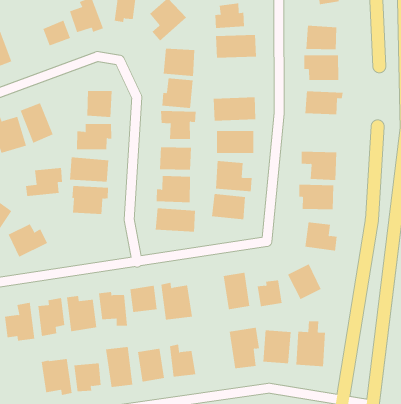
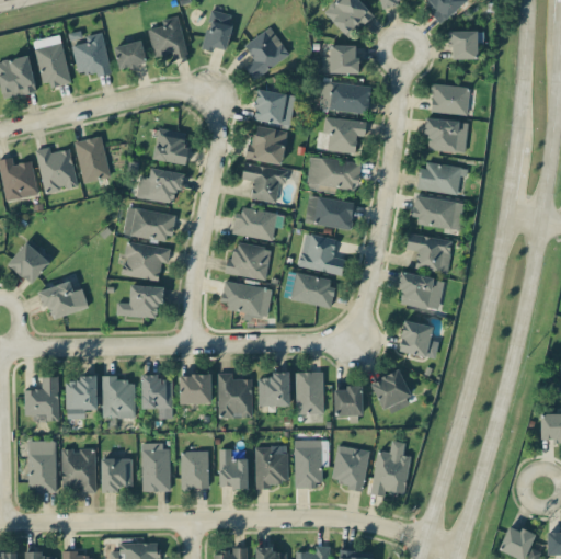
building: none -> [71,32,111,77]
building: none -> [322,117,366,152]
building: none -> [411,195,463,229]
building: [25,168,63,196] -> [116,285,163,317]
building: none -> [257,372,289,407]
building: none -> [254,446,288,489]
building: none -> [27,441,56,491]

